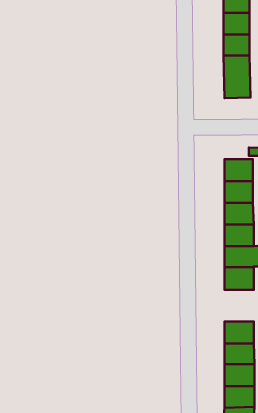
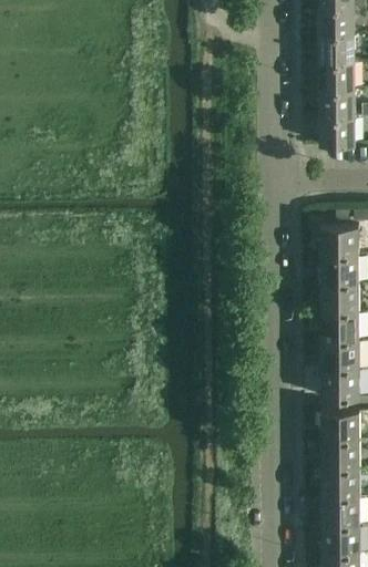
building: none -> [320,410,359,440]

